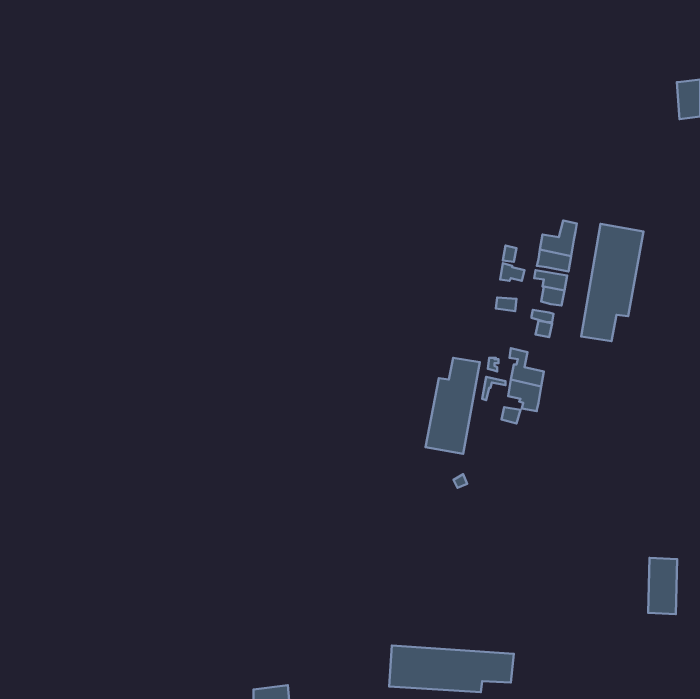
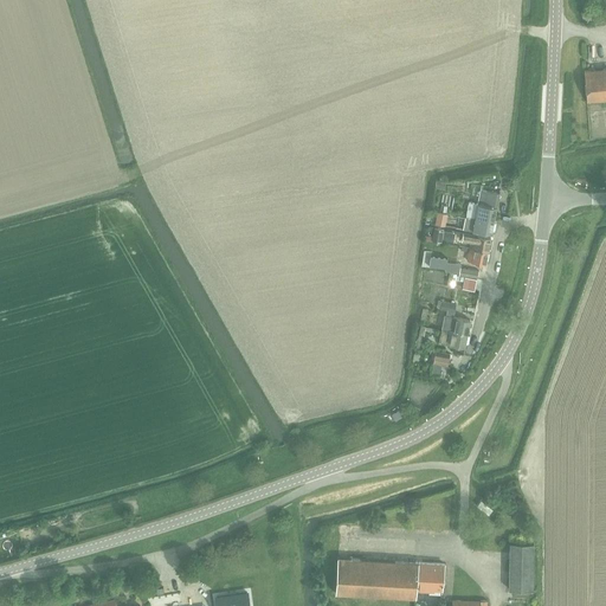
building: [581,224,644,341] -> none
building: [426,358,480,454] -> none
building: [648,558,677,614] -> [509,543,534,592]

